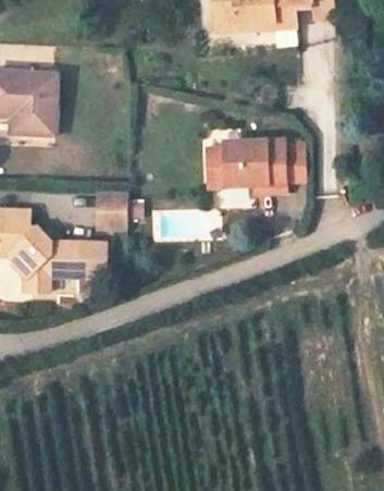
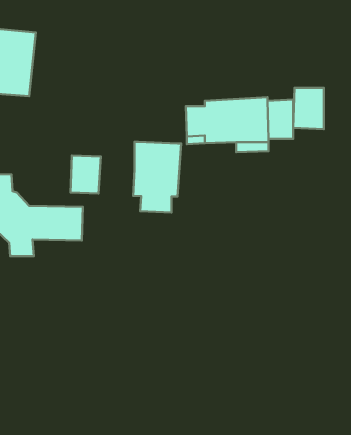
building: none -> [293,88,324,129]
building: none -> [133,142,181,213]

